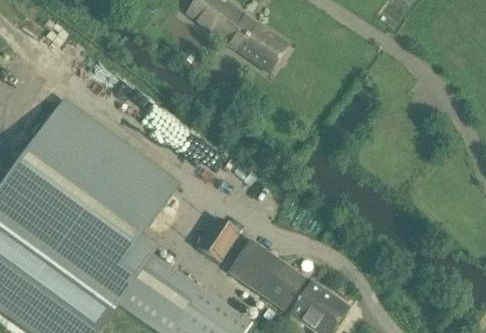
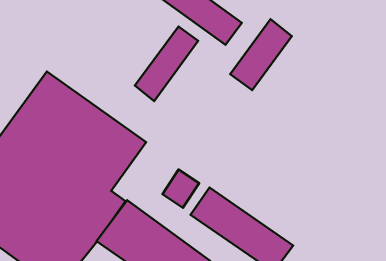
building: none -> [230,19,292,90]
building: none -> [135,26,198,101]

